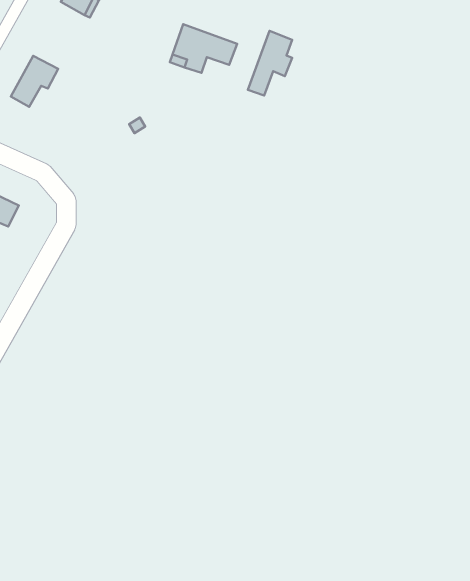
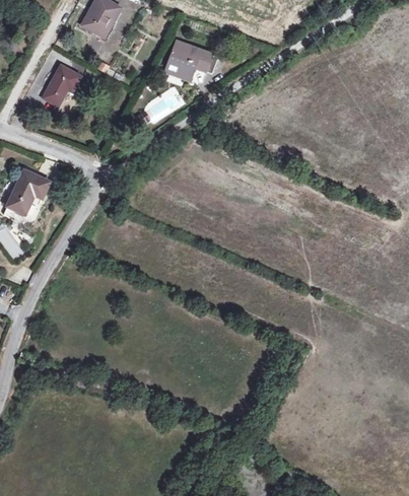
building: [248,31,292,96] -> none

